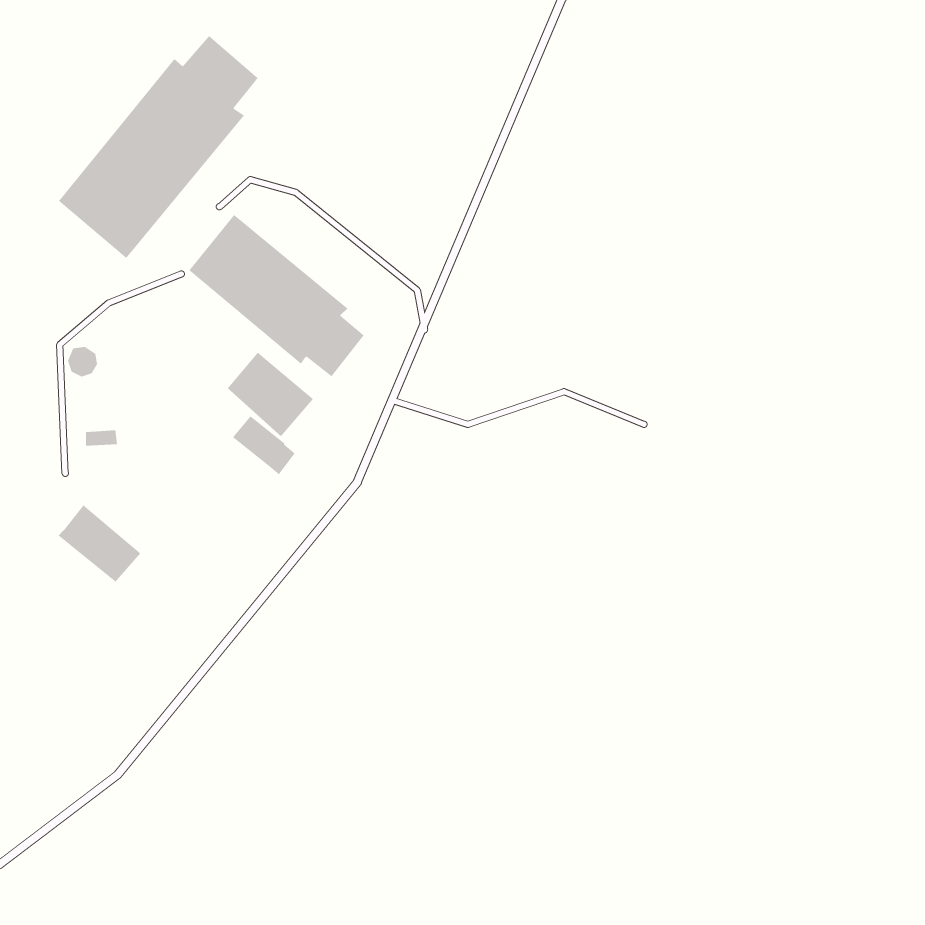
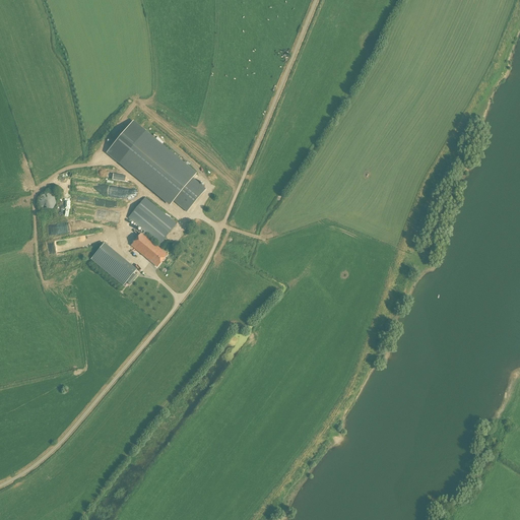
building: [58,35,259,259] -> none
building: [58,505,141,583] -> [89,242,136,285]

